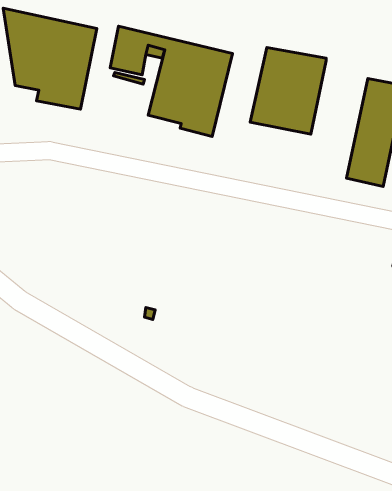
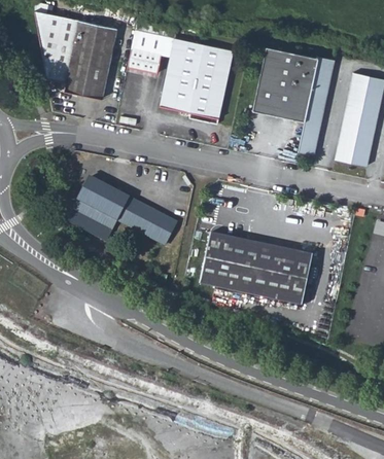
building: none -> [296,57,333,154]
building: none -> [73,176,178,244]
building: none -> [200,234,313,307]

